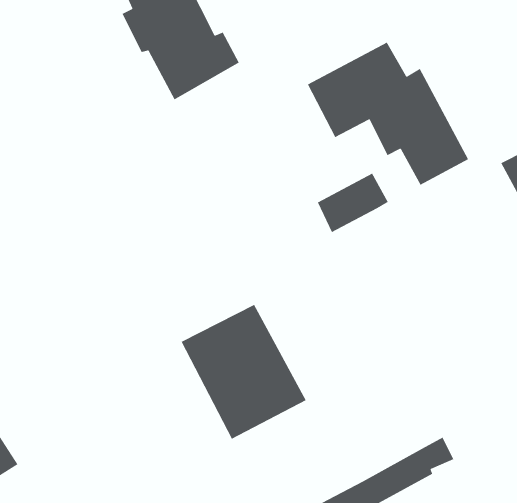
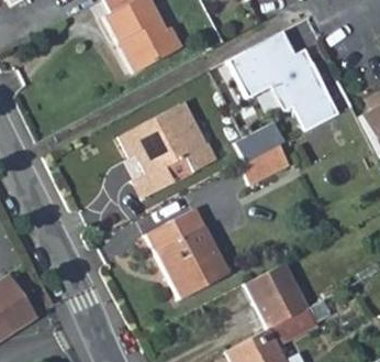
building: none -> [121,103,215,199]
building: none -> [237,145,287,185]
building: none -> [244,263,306,328]

